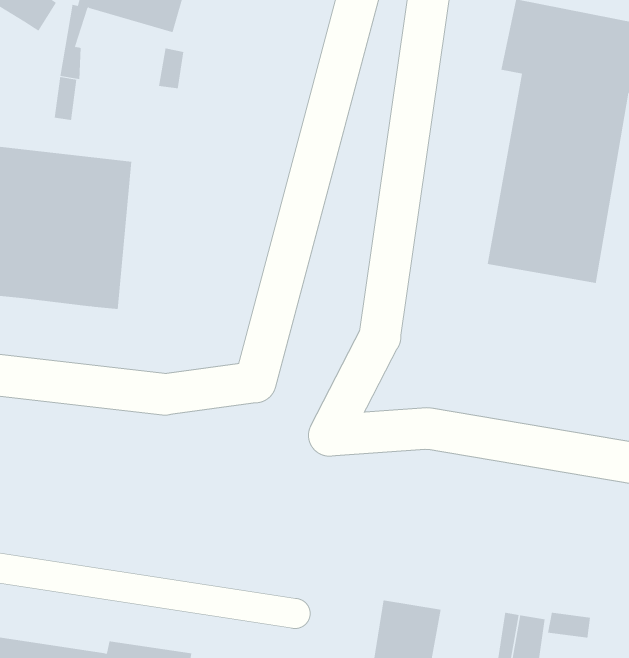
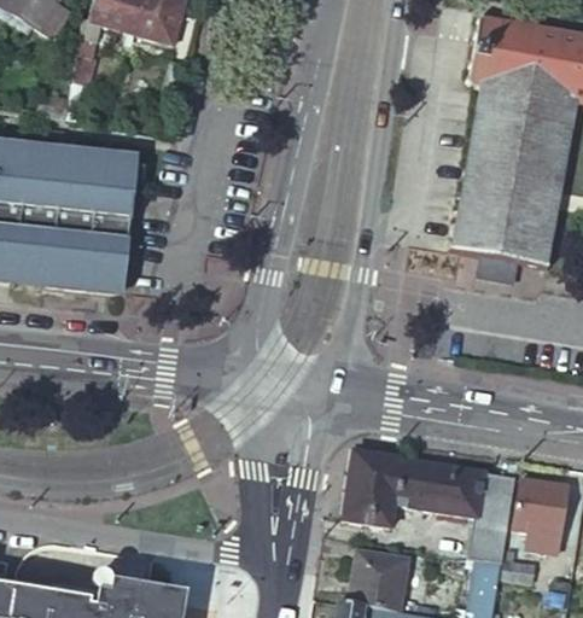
building: none -> [342,449,515,562]
building: none -> [513,478,569,552]

